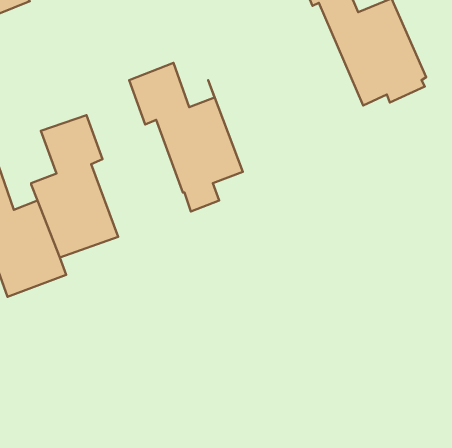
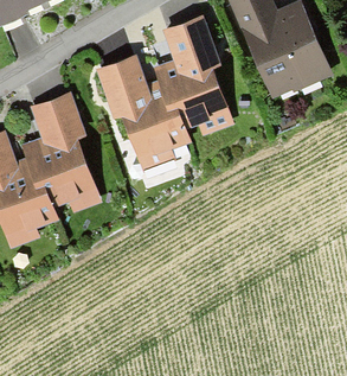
building: none -> [159,18,224,139]

